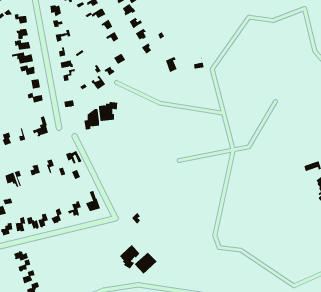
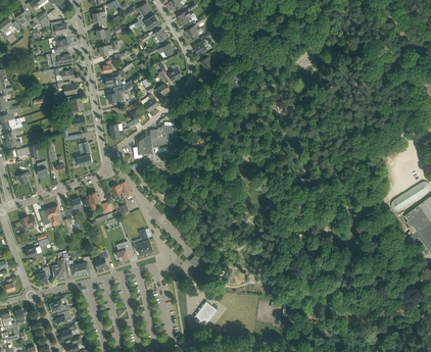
building: [119,244,140,269] -> none

